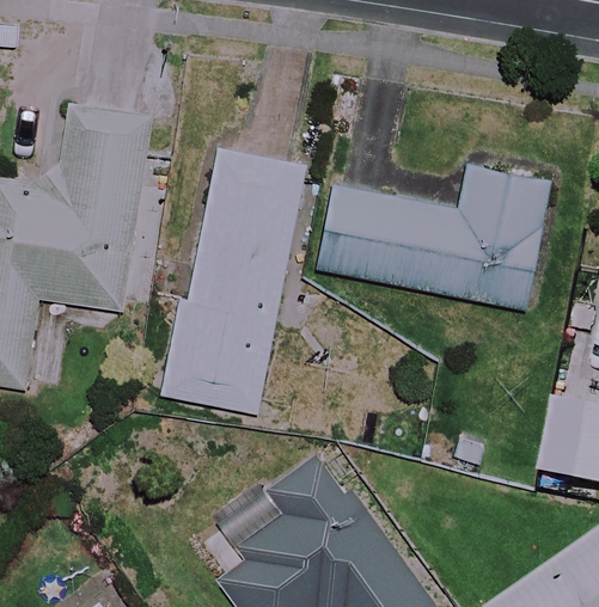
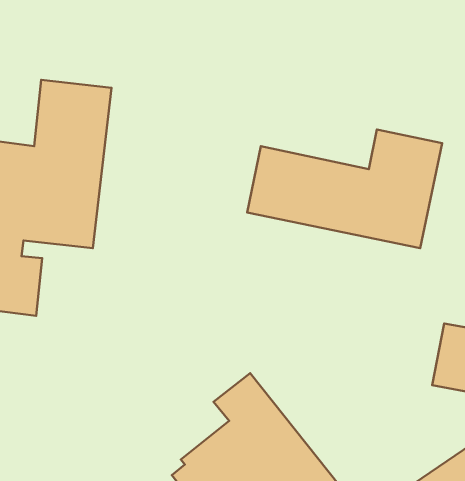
building: [170,148,302,411] -> none

